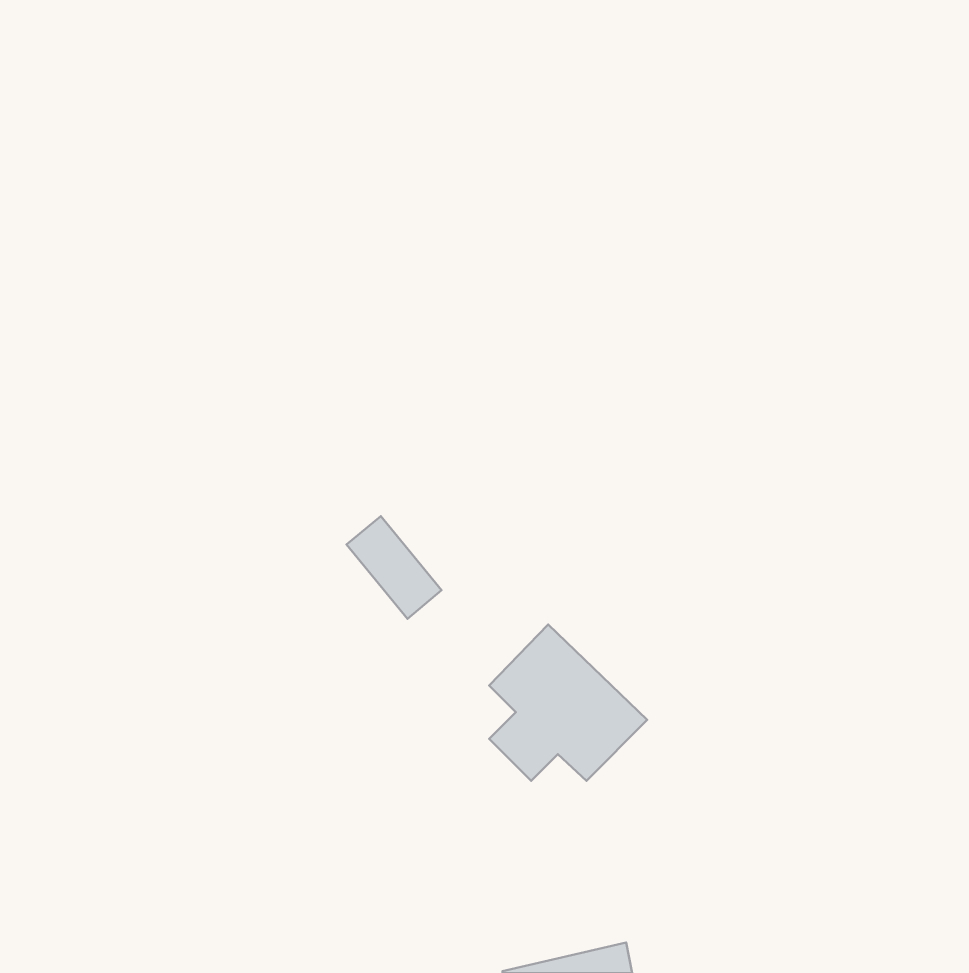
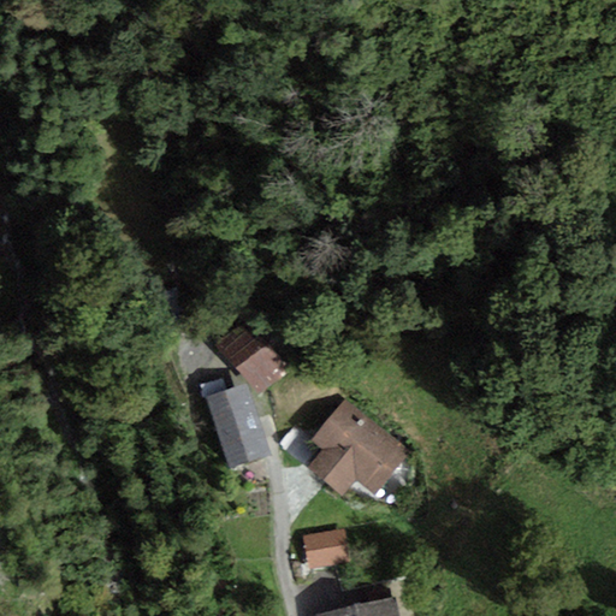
building: none -> [207,387,266,466]
building: none -> [304,532,351,574]

